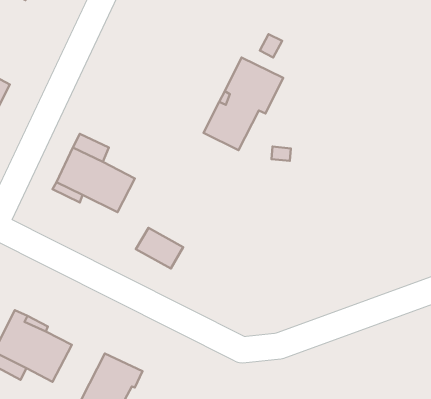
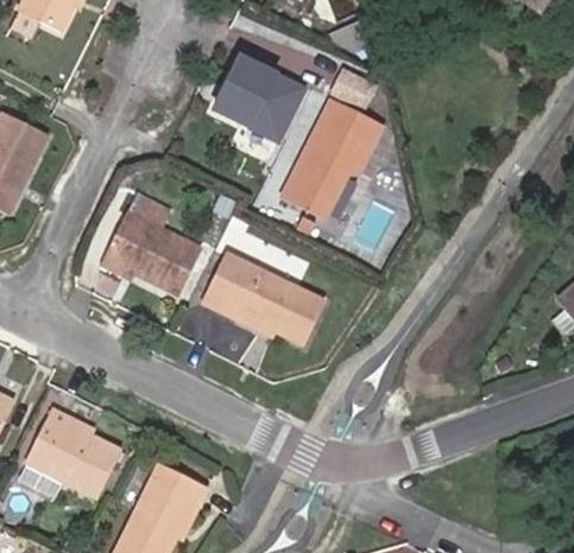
building: none -> [212,52,308,144]
building: none -> [201,252,323,342]

